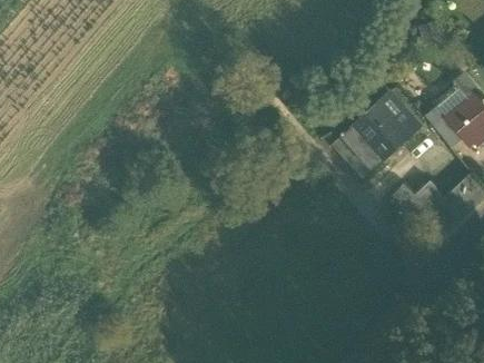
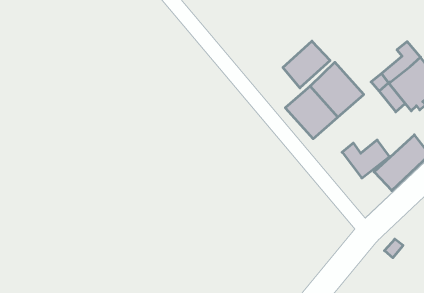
building: none -> [283,41,330,88]

